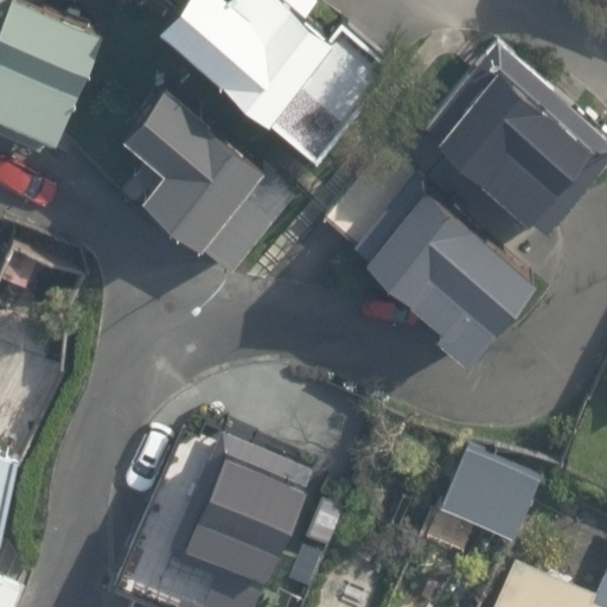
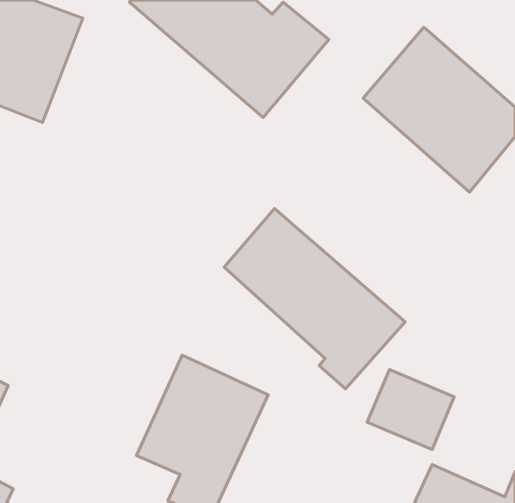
building: [124,90,296,279] -> none
building: [326,159,538,370] -> [224,209,405,389]

